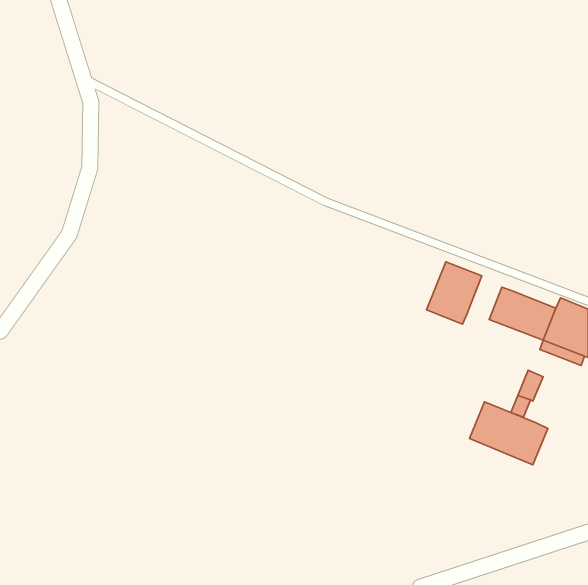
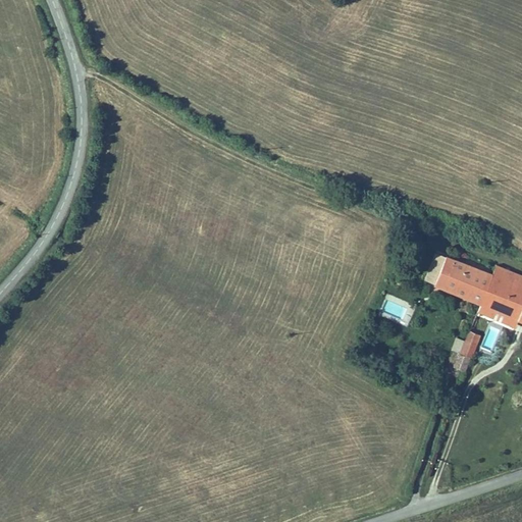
building: [426,262,482,324] -> none
building: [470,402,548,465] -> none

